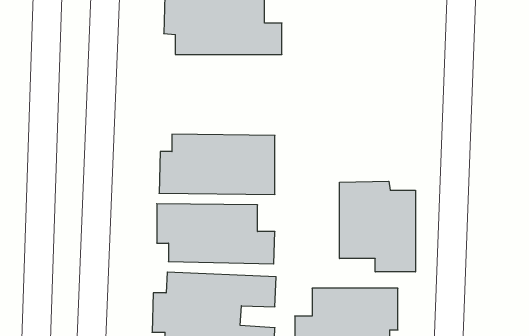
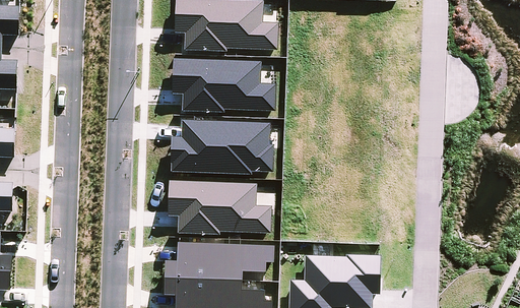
building: none -> [172,59,275,111]
building: [340,181,415,272] -> none

